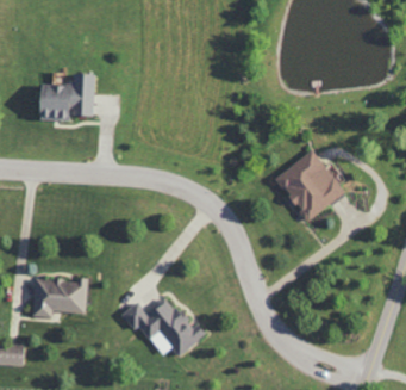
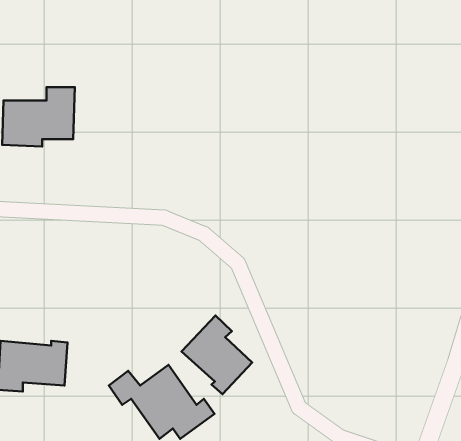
building: [275,150,345,222] -> none
building: none -> [181,316,252,394]

